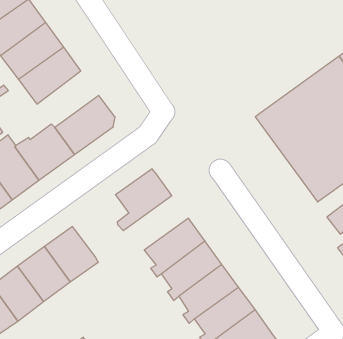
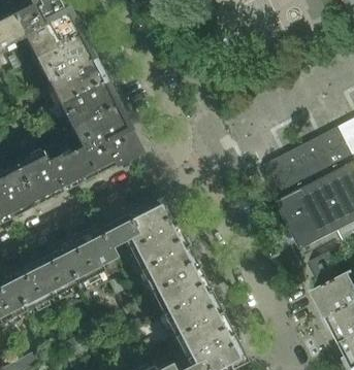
building: none -> [70,103,125,148]
building: none -> [85,214,135,265]
building: none -> [132,223,186,269]

